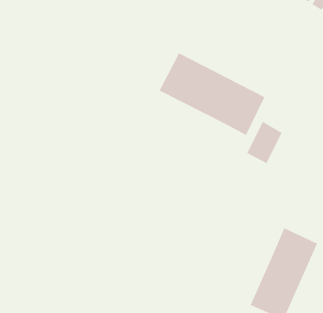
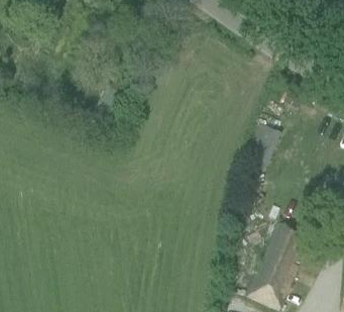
building: [159,53,265,136] -> none

